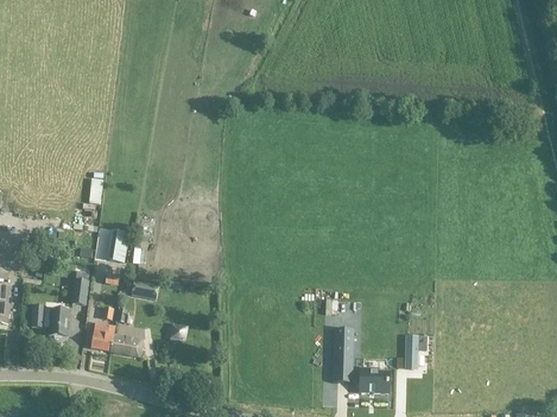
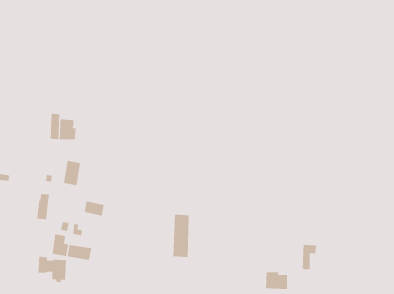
building: none -> [59,119,76,140]
building: [31,305,68,339] -> [37,256,67,283]
building: [334,327,355,381] -> [172,214,189,258]

